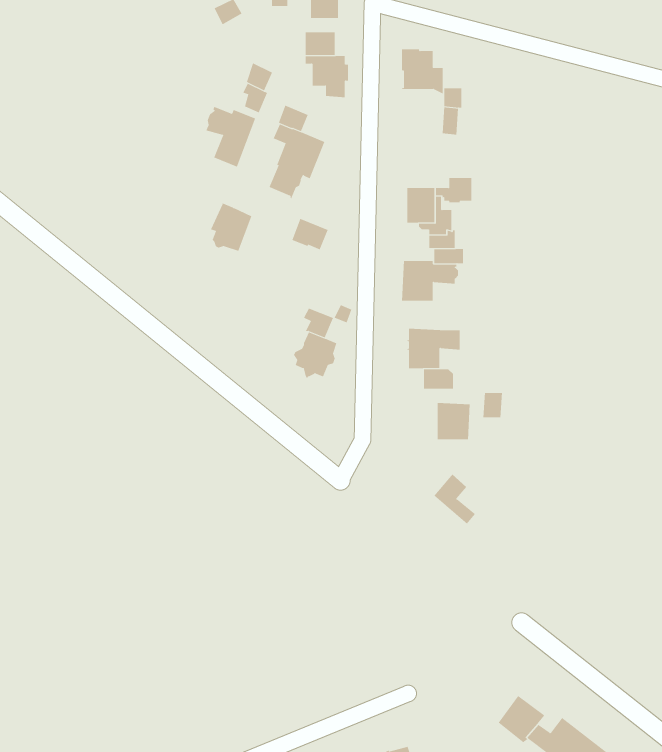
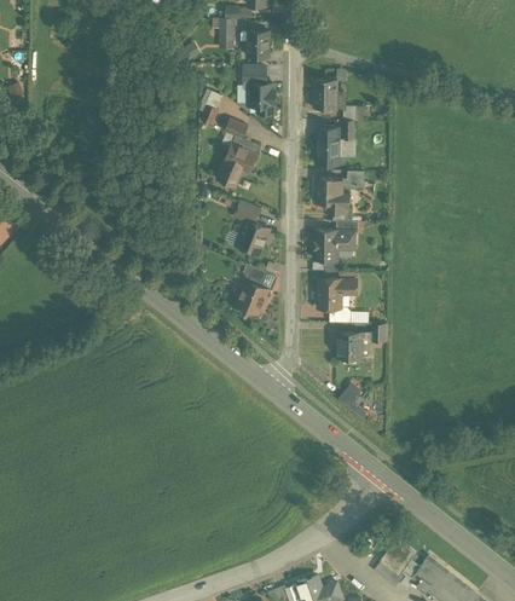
building: [206,106,256,168] -> none
building: none -> [318,128,340,166]
building: [210,203,252,252] -> [239,220,270,255]

